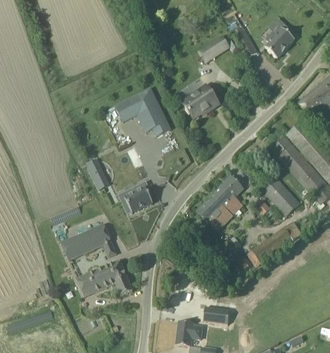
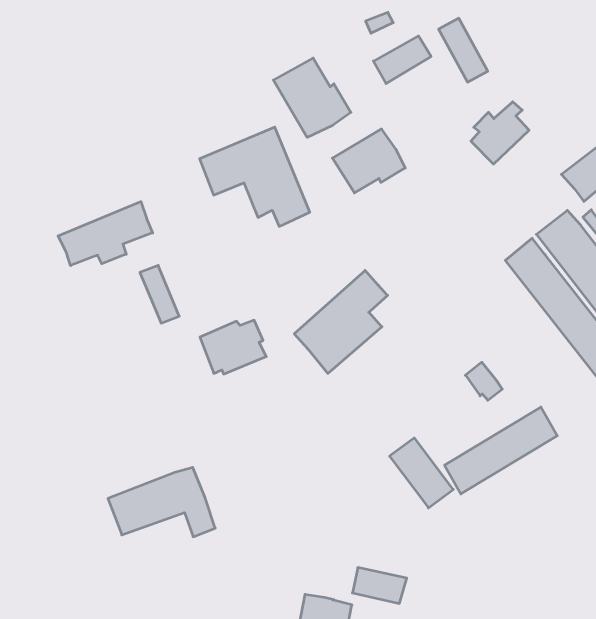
building: [265,25,294,57] -> [471,102,529,164]
building: none -> [273,58,351,137]
building: none -> [58,202,153,266]
building: [197,175,243,228] -> [294,270,388,373]
building: [261,178,299,216] -> none
building: [61,223,111,259] -> none

